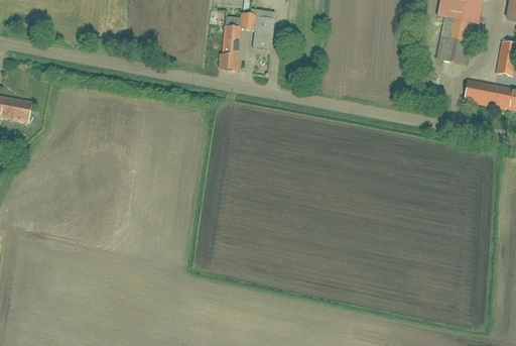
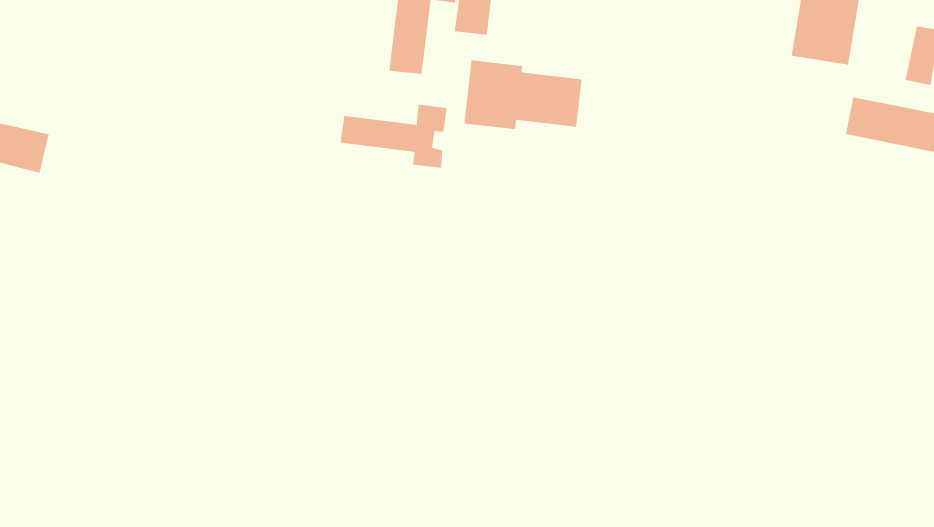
building: none -> [464,60,582,130]
building: none -> [340,104,447,169]

